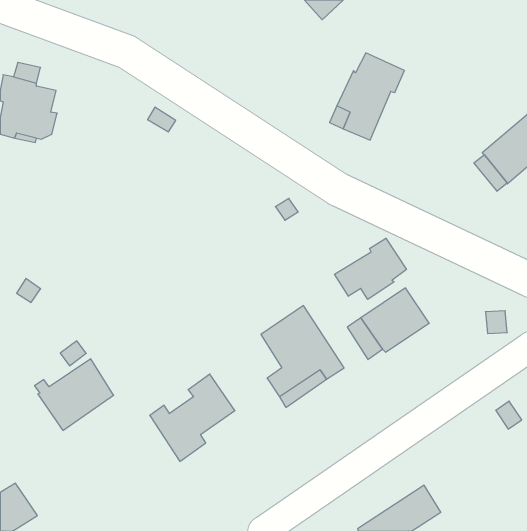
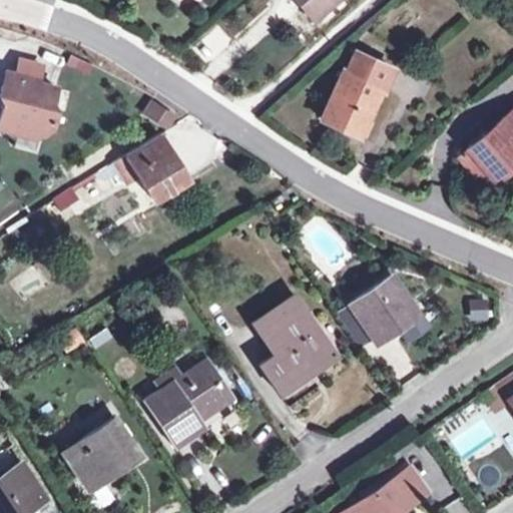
building: none -> [52,135,188,210]
building: [335,238,406,299] -> none
building: [35,359,114,430] -> [62,420,138,489]

